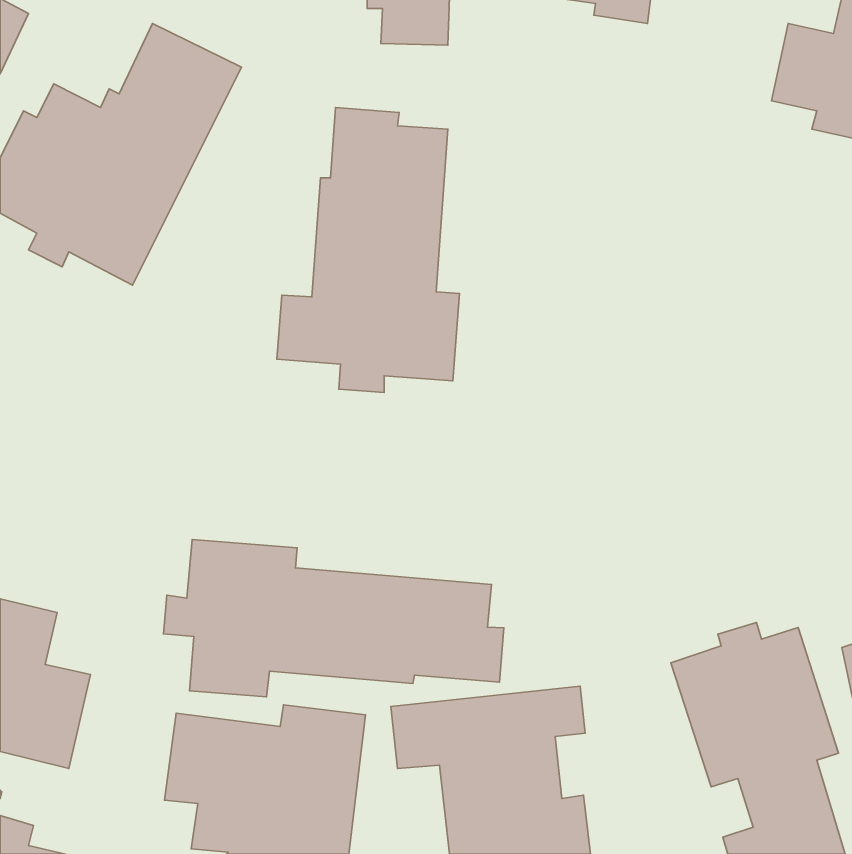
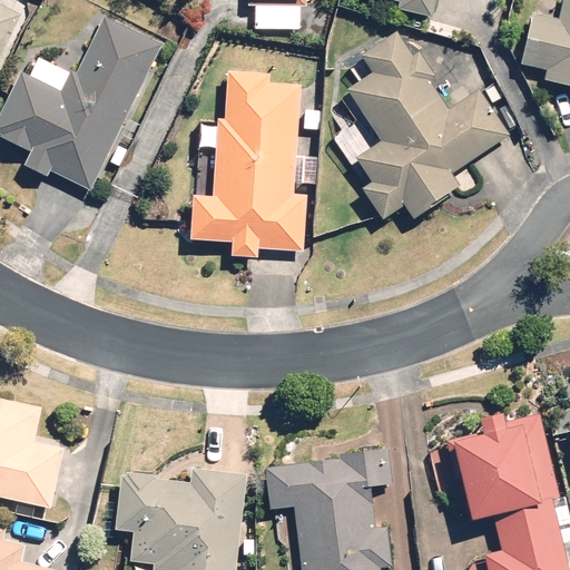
building: none -> [338,32,508,220]
building: [164,540,504,697] -> none

